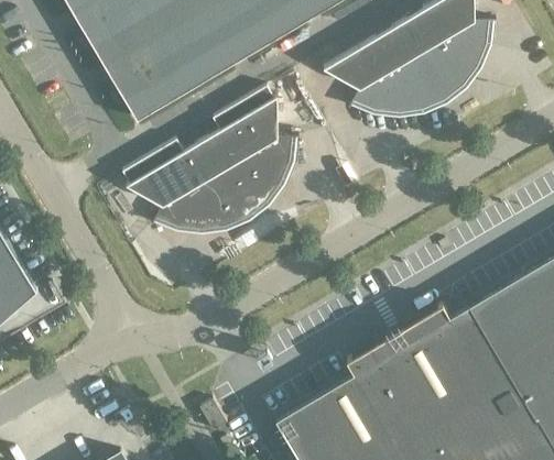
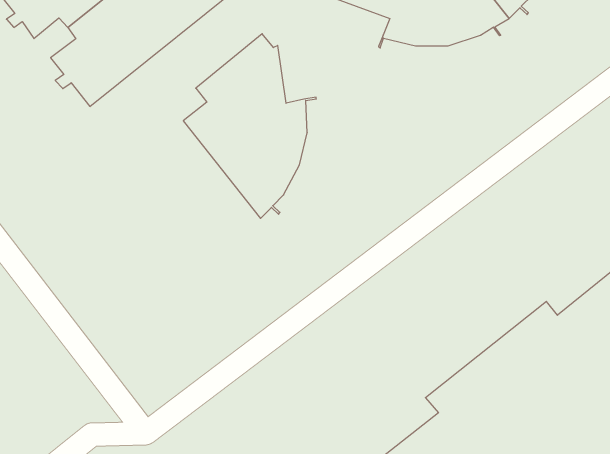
building: [123,142,247,232] -> none

